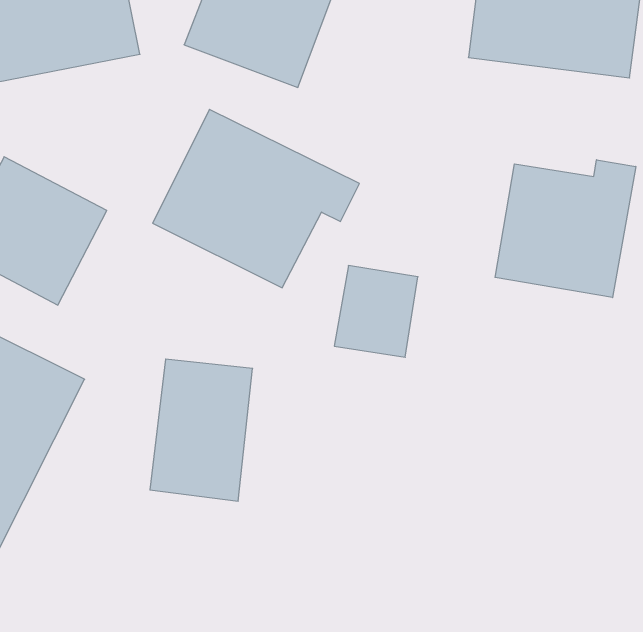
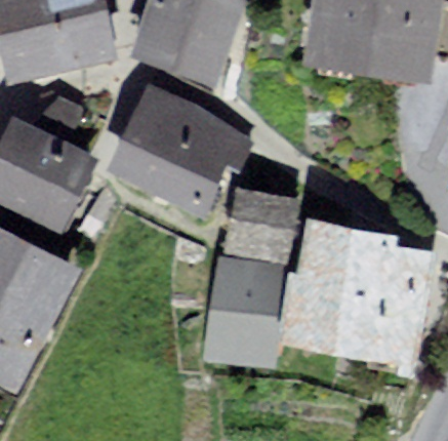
building: [495,160,636,298] -> none
building: none -> [299,232,430,360]
building: [150,359,253,501] -> [211,263,278,355]

